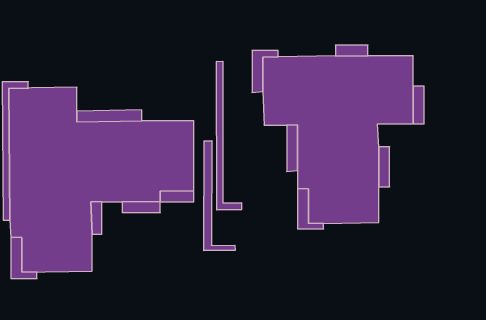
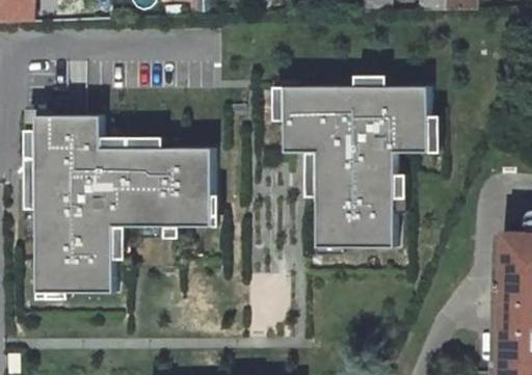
building: [217,61,242,210] -> none
building: [204,141,235,251] -> none

